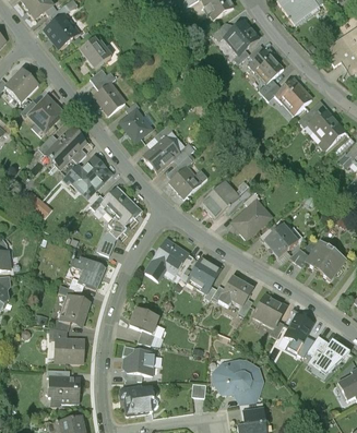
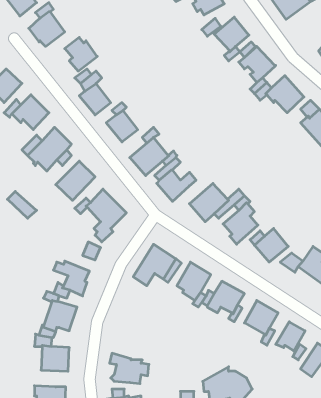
building: [129,309,157,334] -> none

